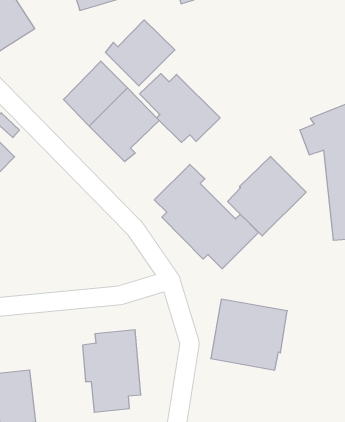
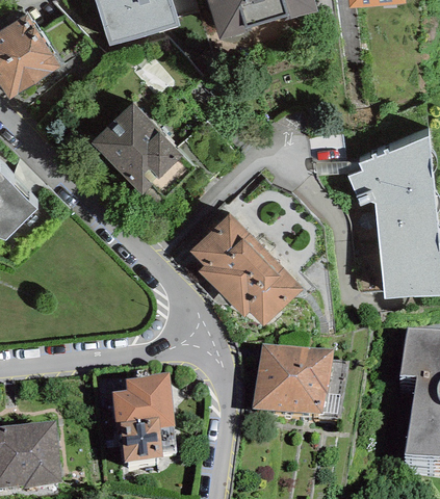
building: [105,20,175,86] -> none
building: [140,74,220,142] -> none
building: [228,156,306,236] -> none

